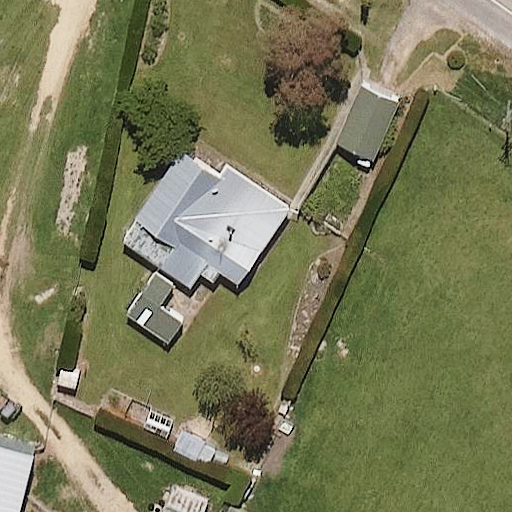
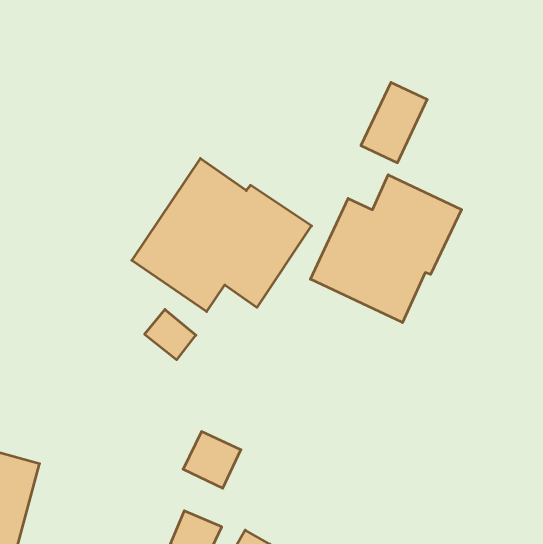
building: none -> [310,175,462,323]

